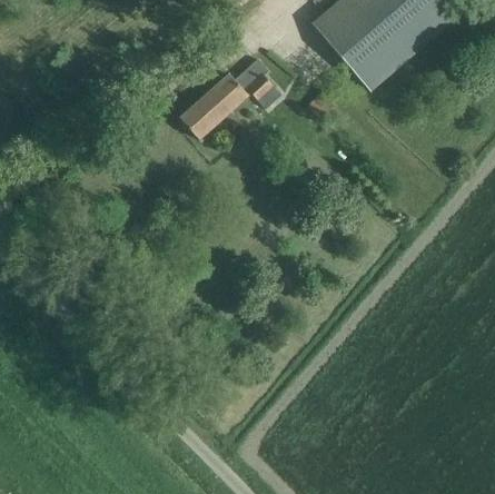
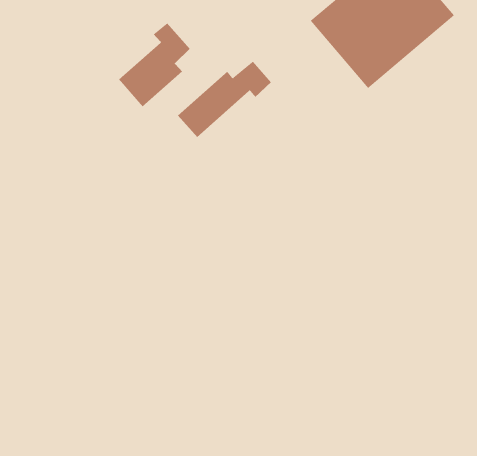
building: none -> [118,23,190,107]

